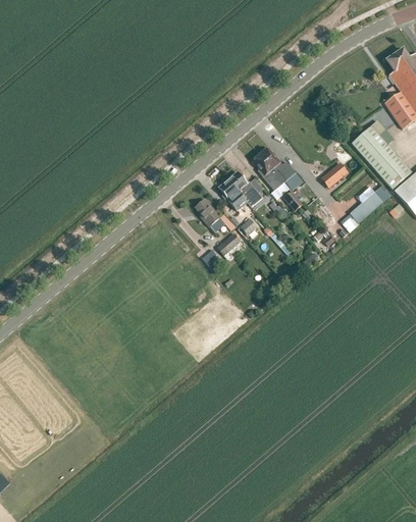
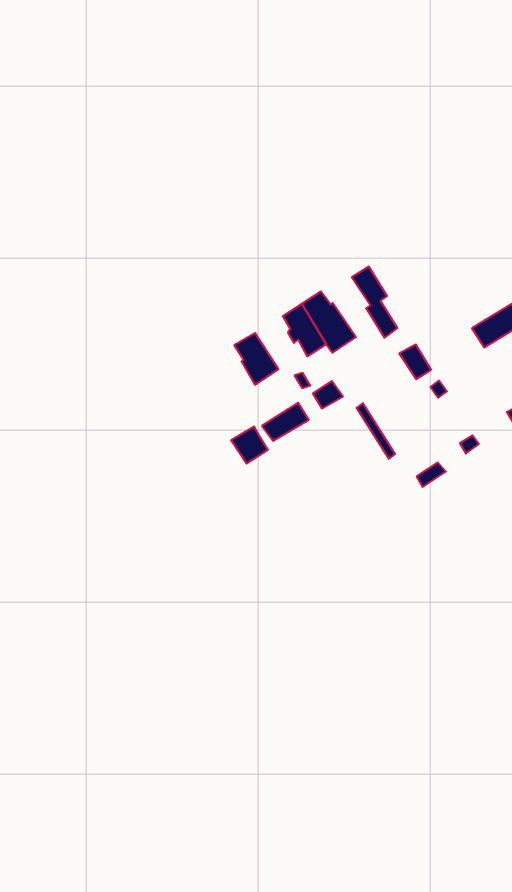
building: [260,148,296,185] -> none

